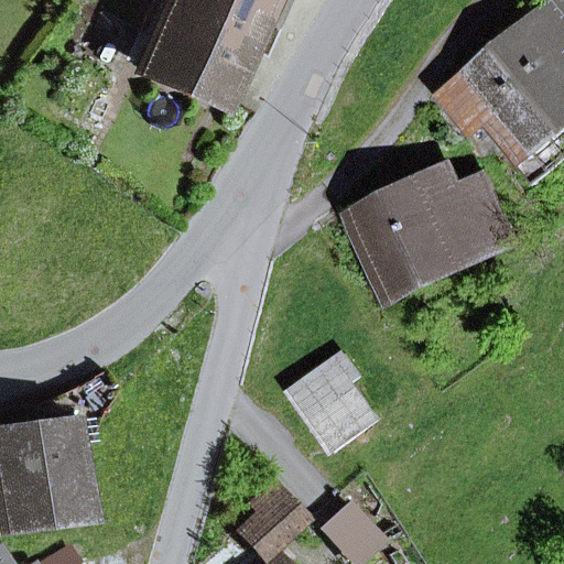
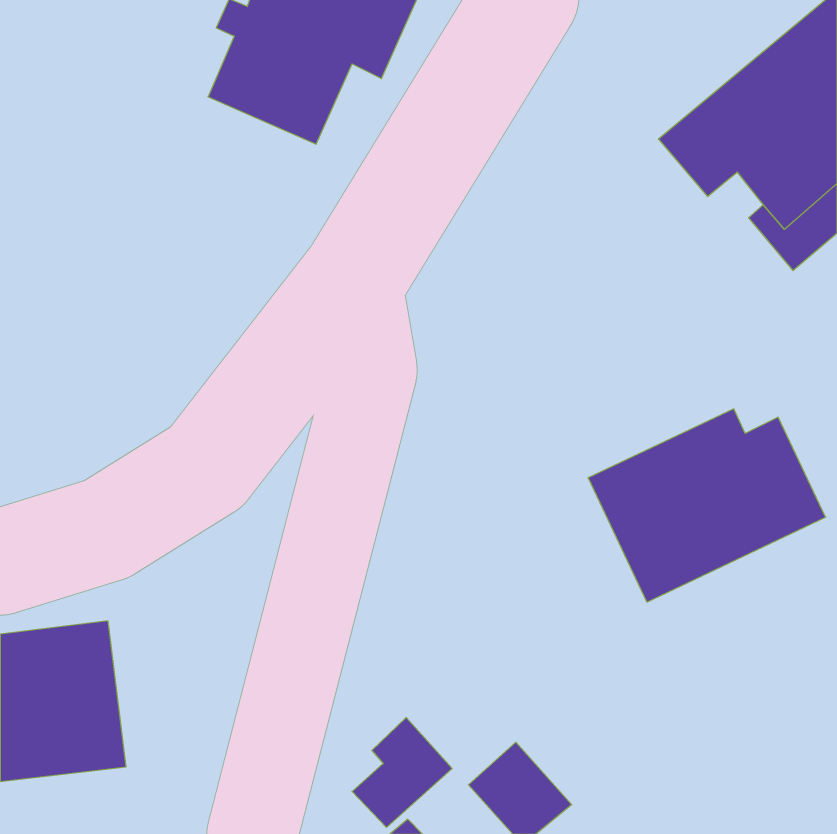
building: [359,167,519,297] -> [588,409,826,602]
building: [292,354,381,453] -> none

